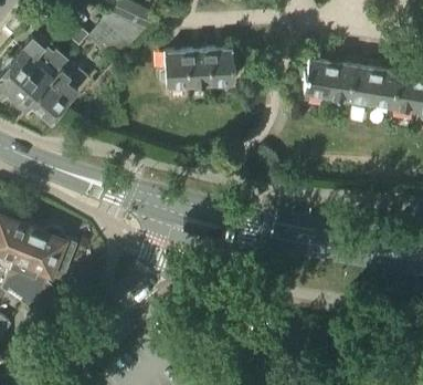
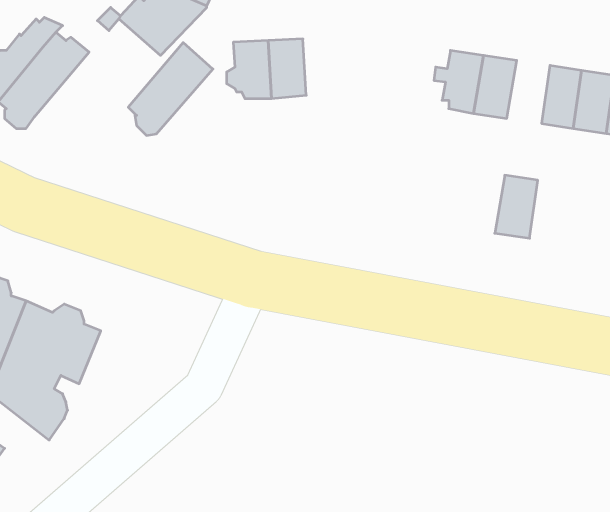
building: [211,48,241,87] -> none
building: [32,59,88,121] -> [128,43,213,135]
building: [347,64,376,106] -> [495,175,538,238]

